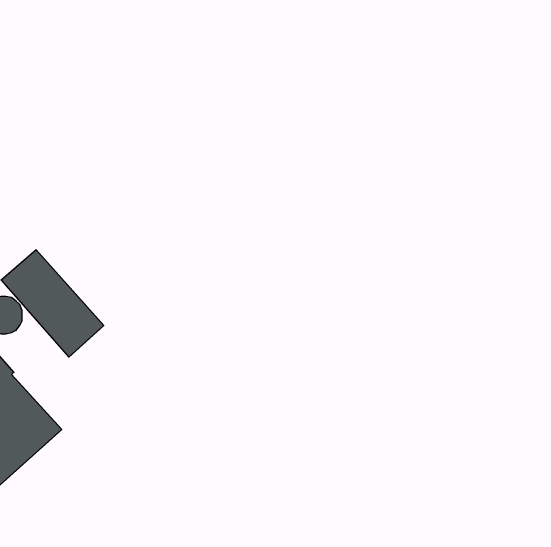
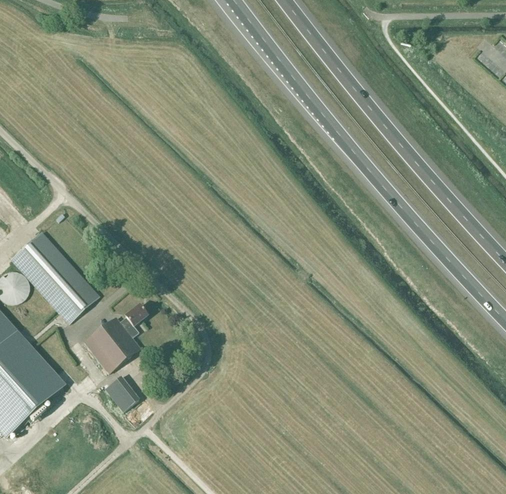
building: none -> [84,304,147,372]
building: none -> [105,375,139,411]

